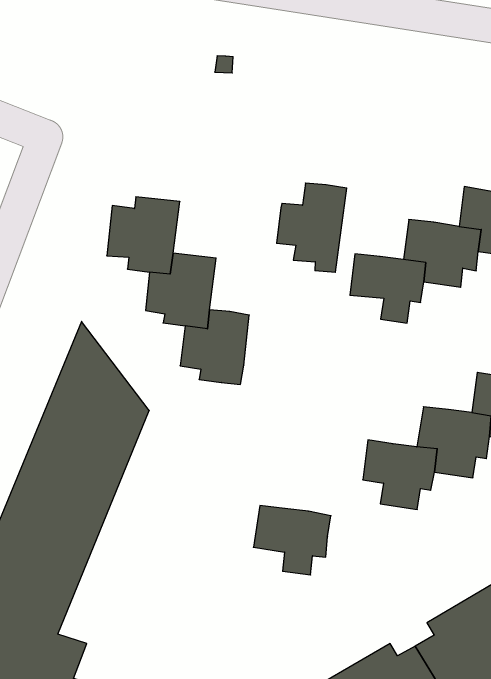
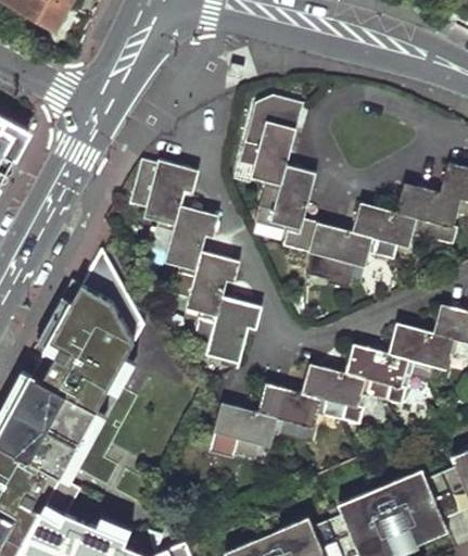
building: none -> [238,96,302,184]
building: none -> [195,298,254,365]
building: none -> [257,384,316,440]

